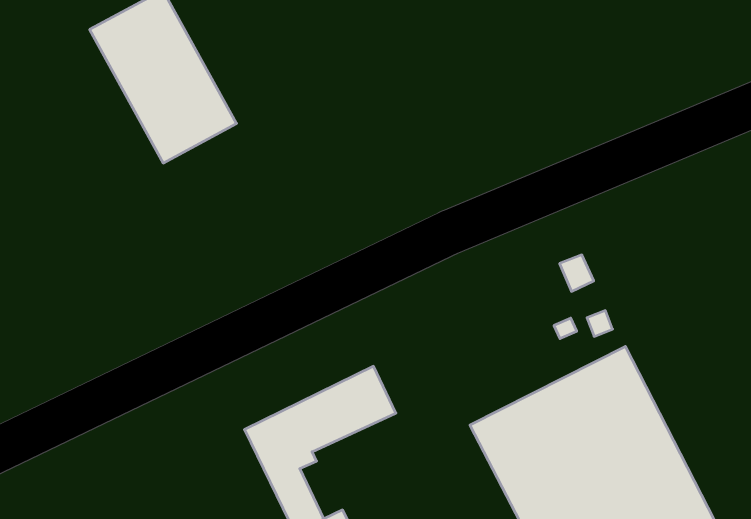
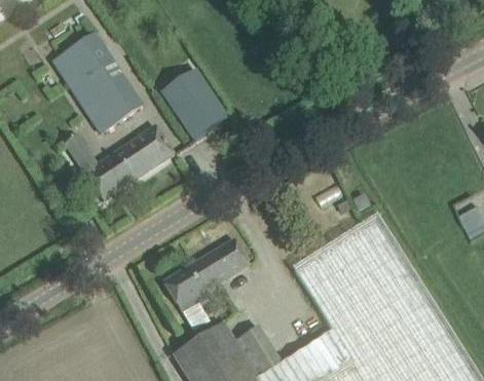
building: none -> [162,71,227,141]
building: none -> [64,126,174,201]

